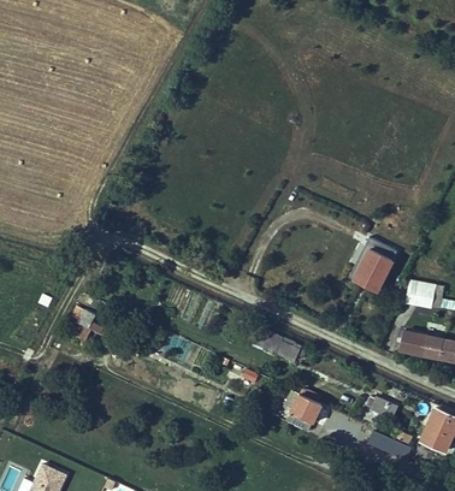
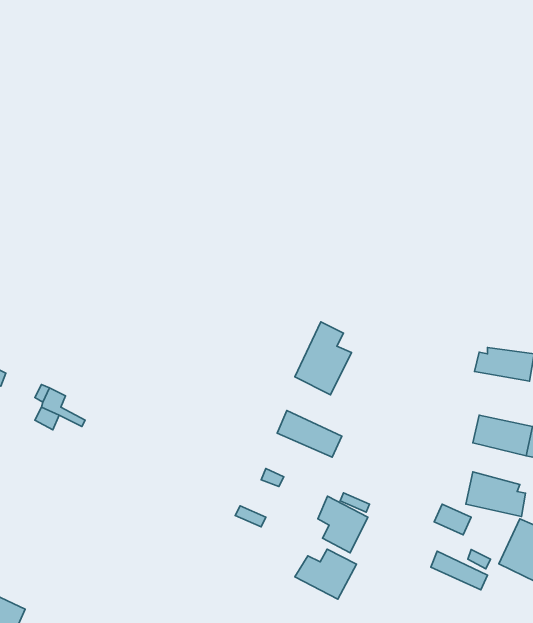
building: [355,247,397,301] -> [295,322,351,395]
building: none -> [466,472,525,517]
building: none -> [295,549,357,599]

